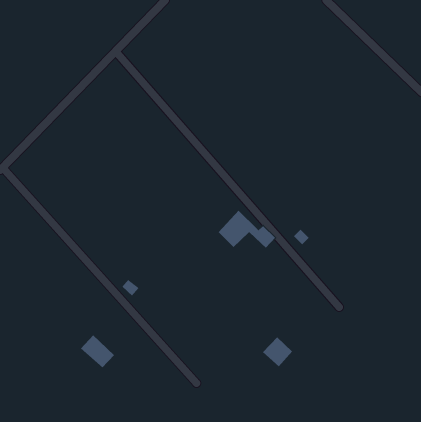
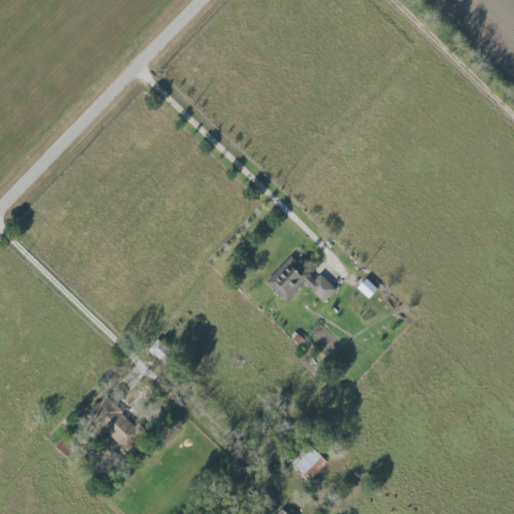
building: [262,337,293,367] -> [290,444,327,481]

